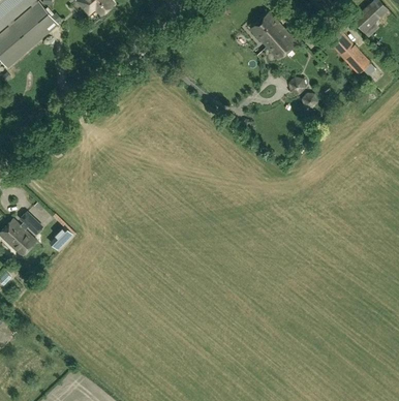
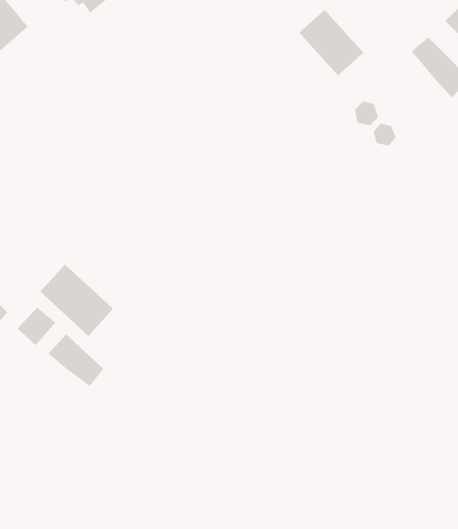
building: none -> [40,264,114,337]
building: none -> [47,334,104,387]

